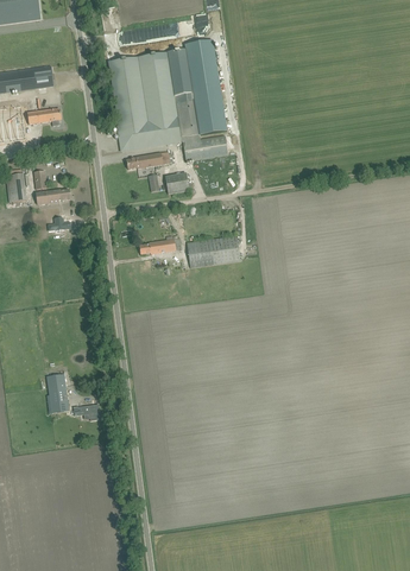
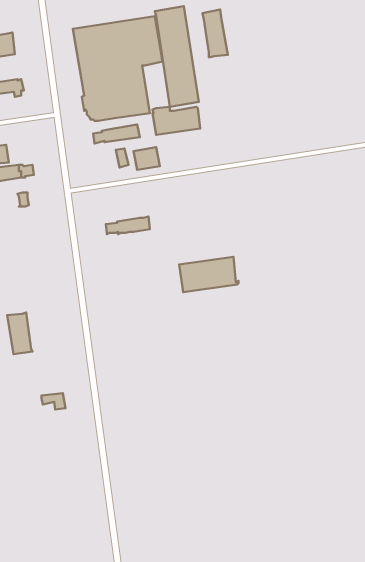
building: [176,91,200,137] -> [203,9,228,57]
building: [187,234,242,267] -> [179,257,238,292]
building: [46,373,70,412] -> [7,313,32,354]

